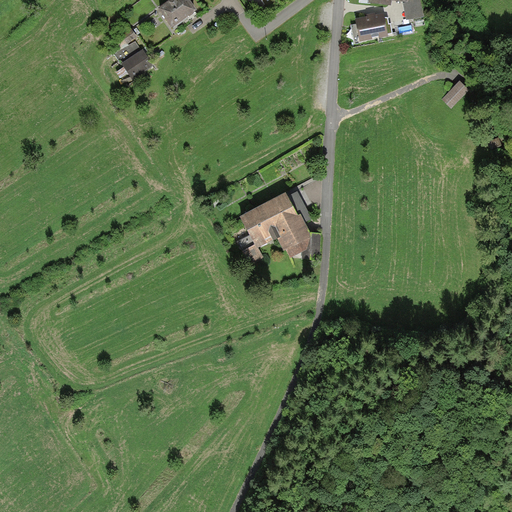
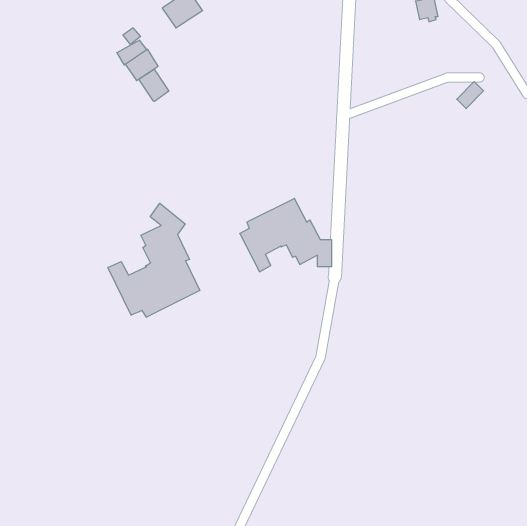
building: [351,13,392,41] -> none
building: none -> [139,69,169,101]
building: none -> [108,203,200,317]

